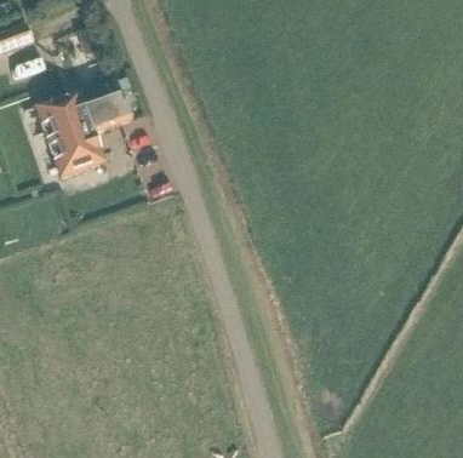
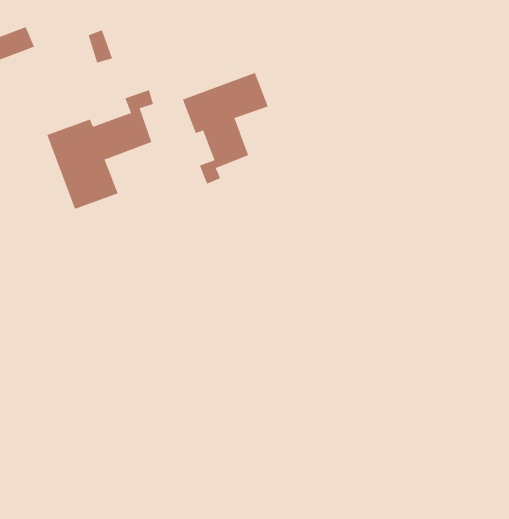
building: none -> [182,72,268,184]

